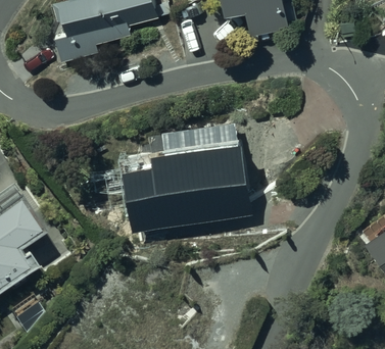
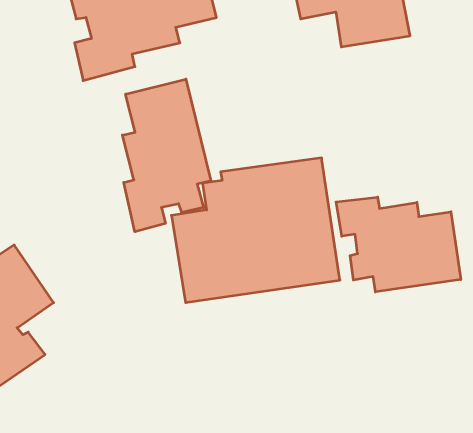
building: none -> [122,79,211,232]
building: none -> [336,197,461,292]

